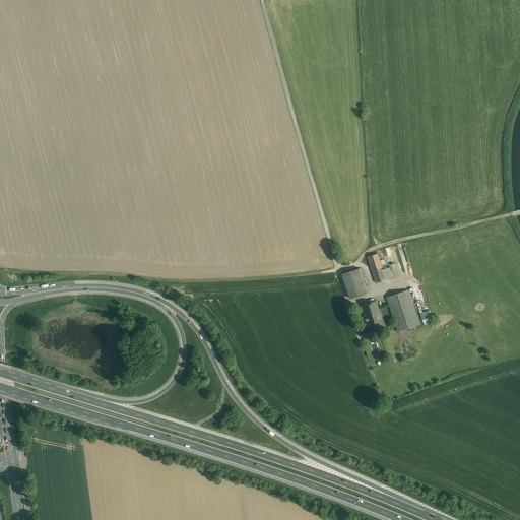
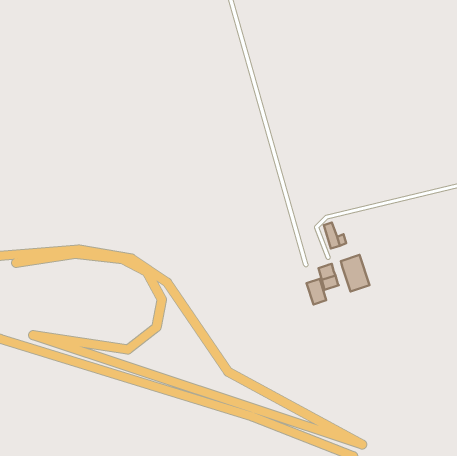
building: [342,268,365,298] -> [306,279,326,305]

